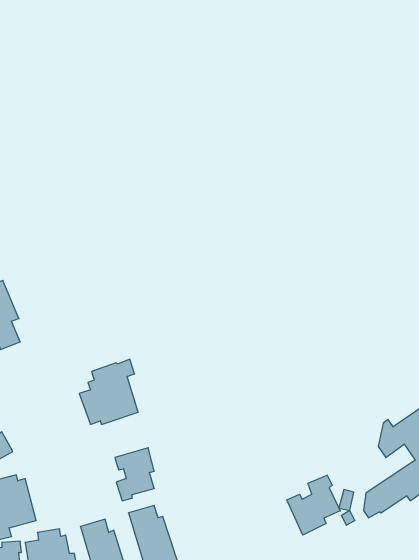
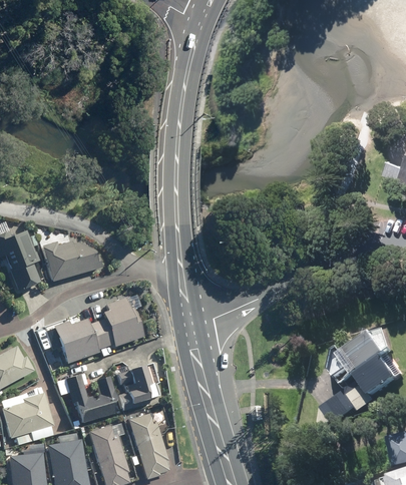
building: none -> [41,239,101,283]
building: none -> [48,321,97,366]
building: none -> [68,376,117,424]
building: [287,475,340,535] -> none

